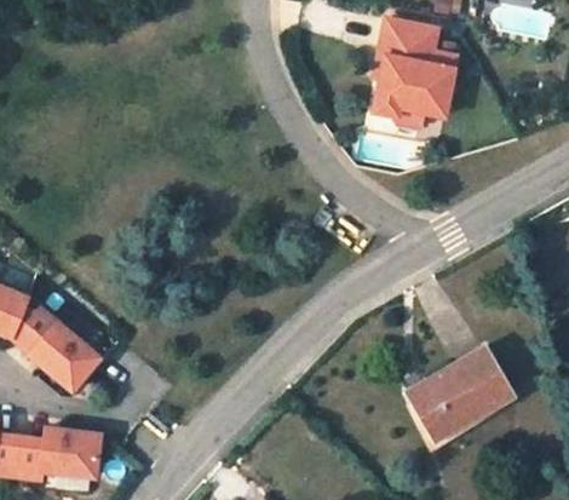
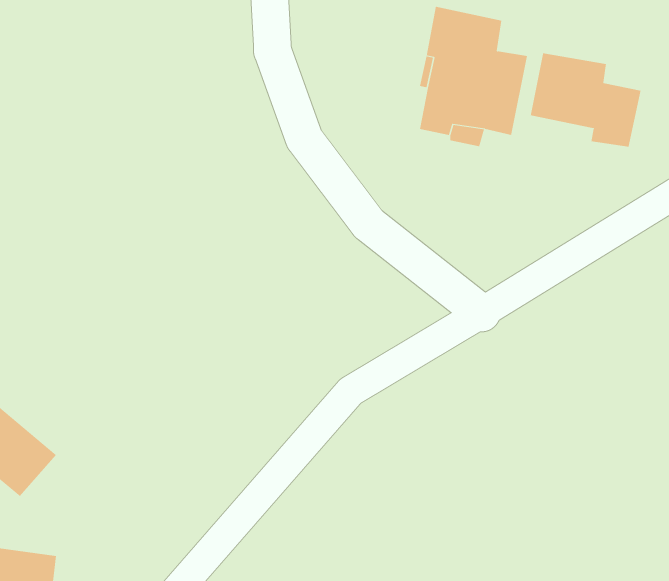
building: none -> [530,52,641,148]
building: [410,346,513,439] -> none

